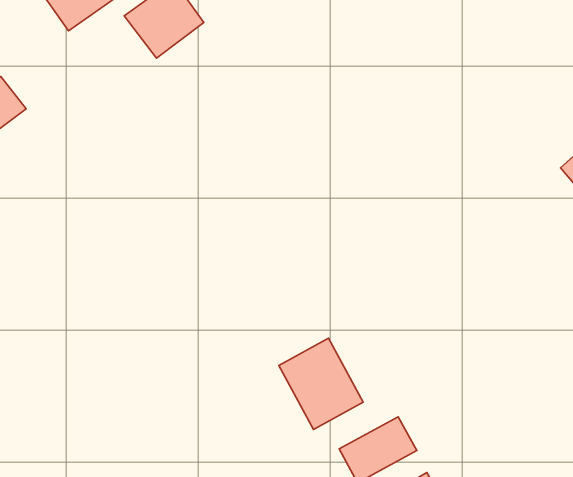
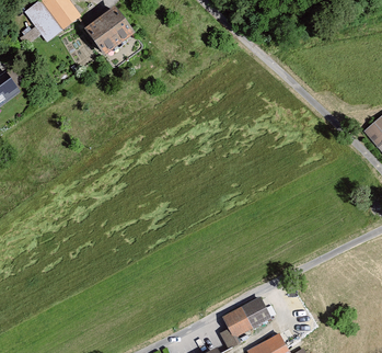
building: [279,338,363,429] -> none

